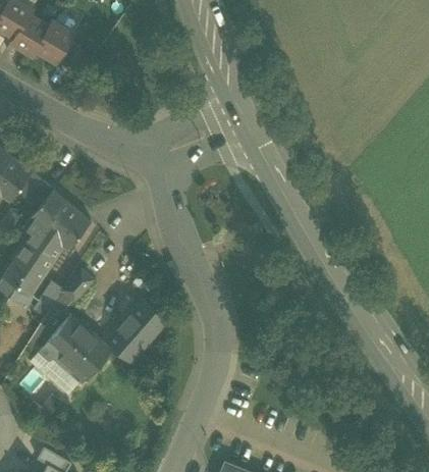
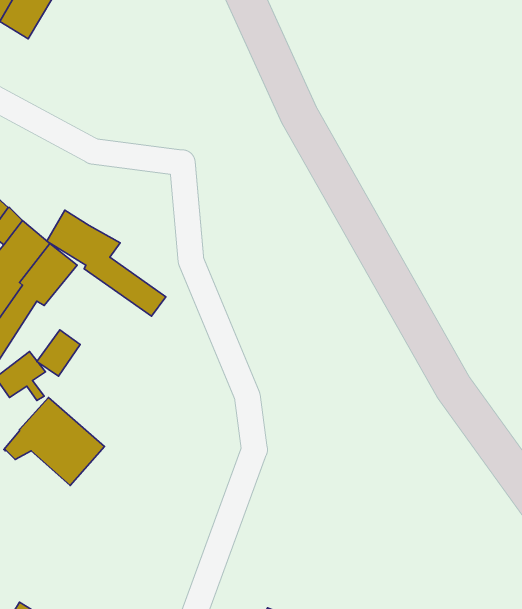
building: none -> [47,210,166,316]
building: [106,302,165,363] -> none

